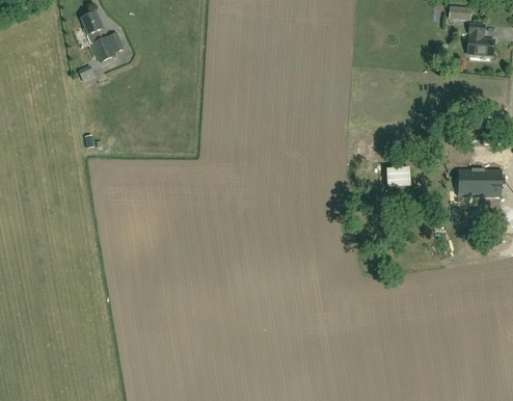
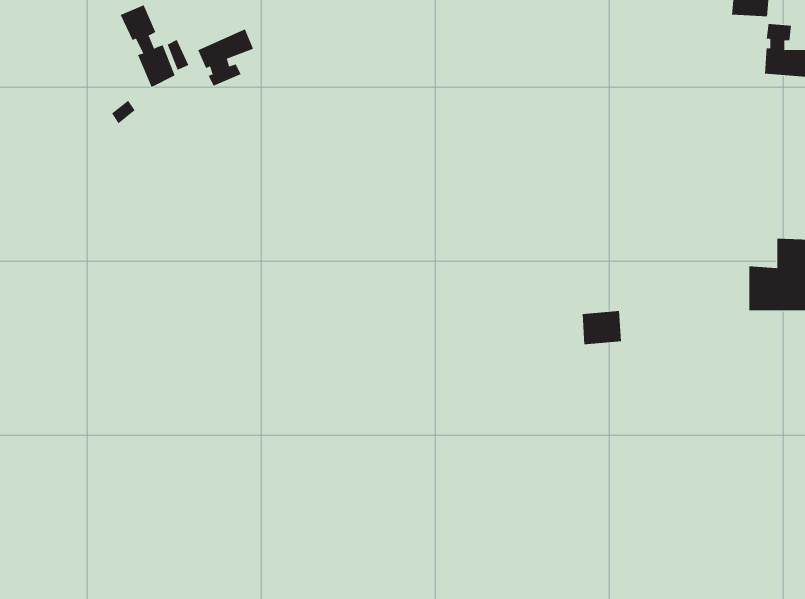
building: none -> [197,29,254,87]
building: [387,167,411,188] -> [582,310,622,345]

